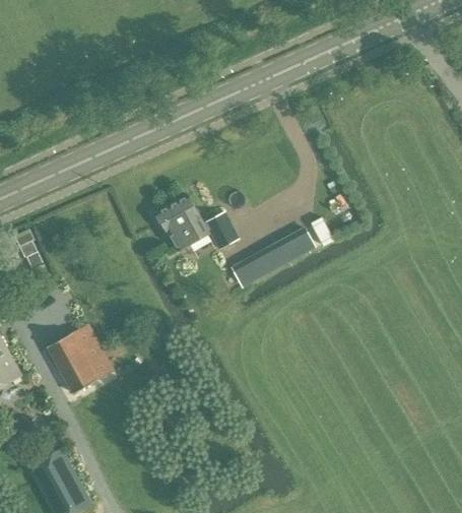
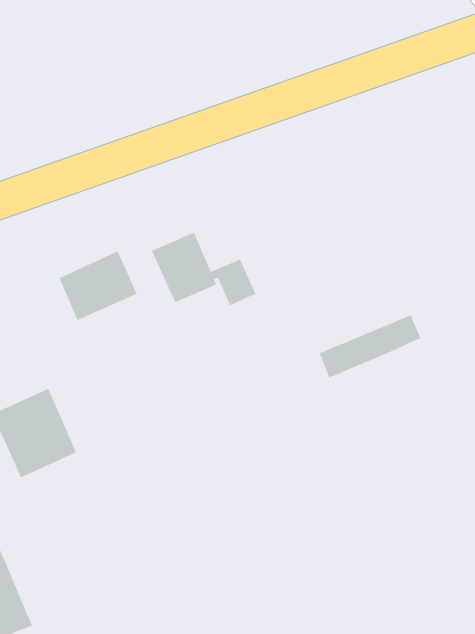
building: none -> [59,251,137,321]
building: [239,230,315,283] -> [319,314,421,378]

